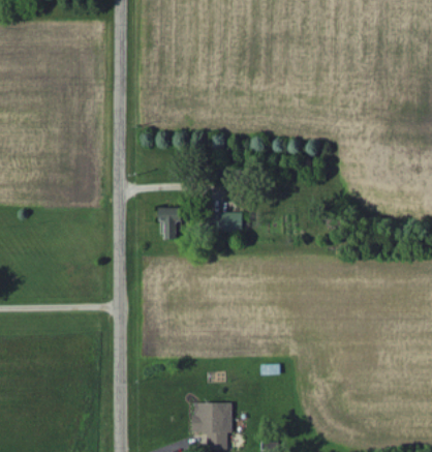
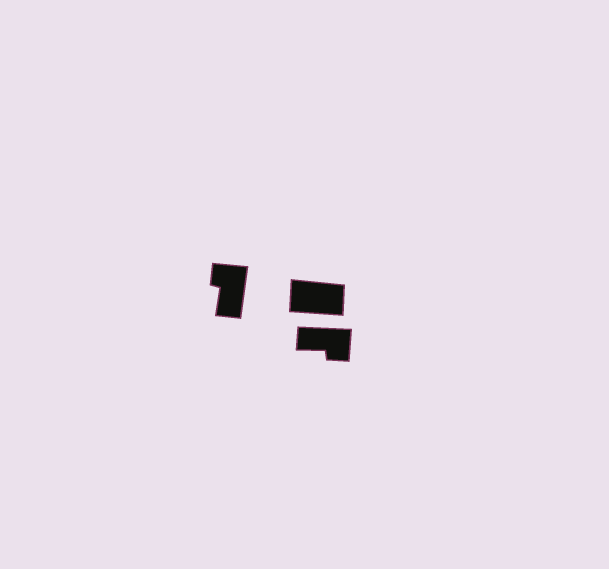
building: none -> [297,327,351,361]

